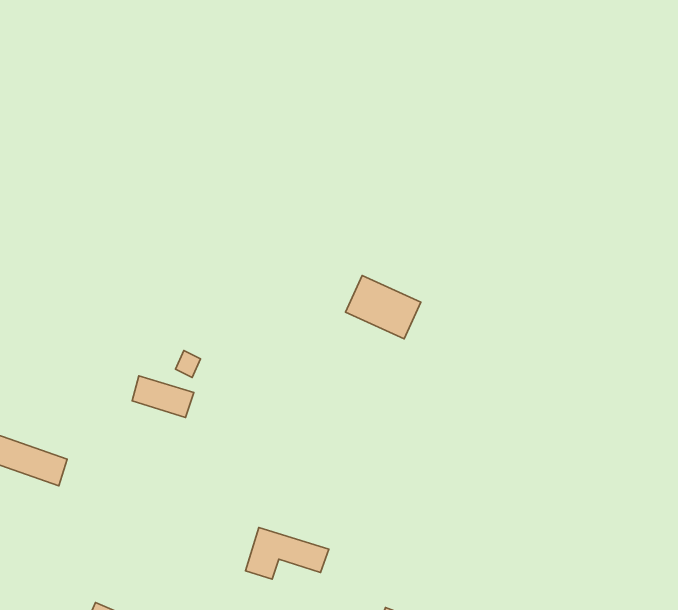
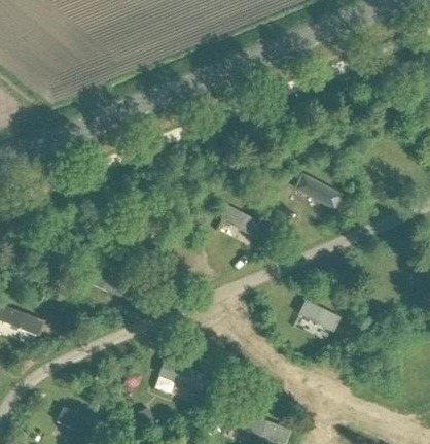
building: none -> [295,175,343,213]
building: none -> [297,299,341,332]

